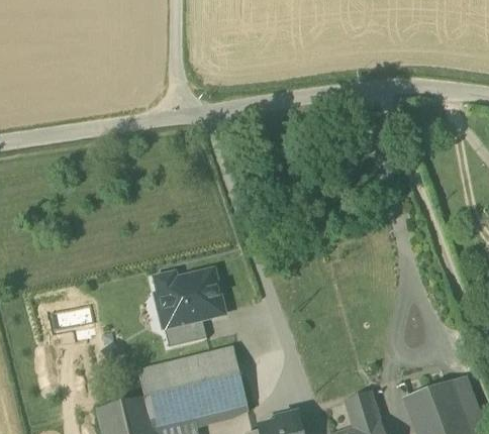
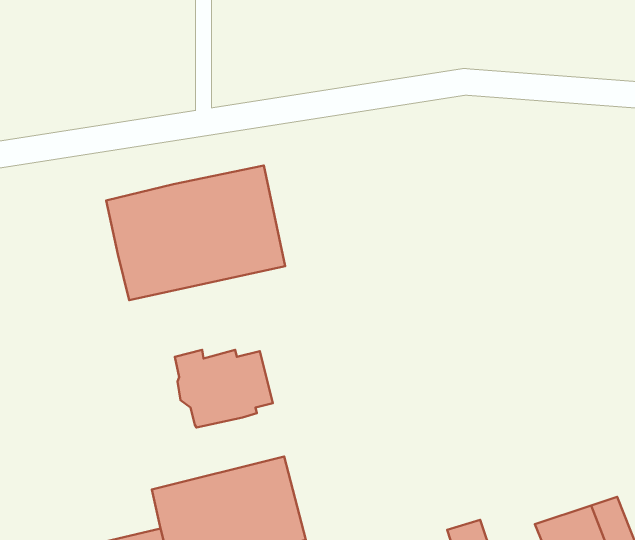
building: none -> [106,166,285,300]
building: [163,320,206,348] -> none

